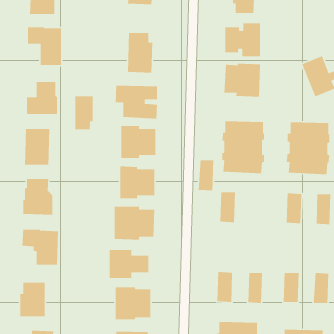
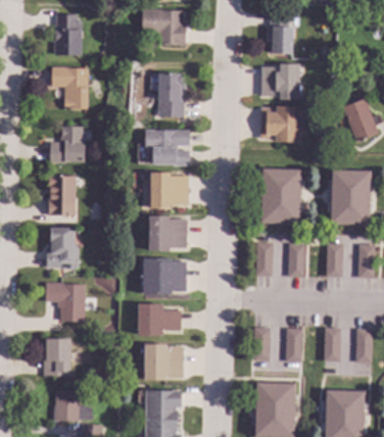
building: [75,96,94,130] -> none
building: [198,160,214,191] -> [287,244,304,278]

